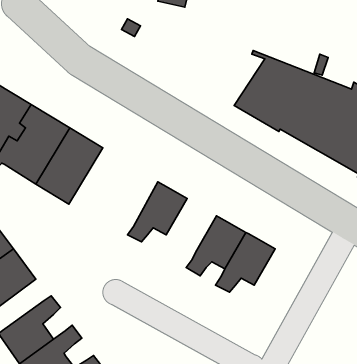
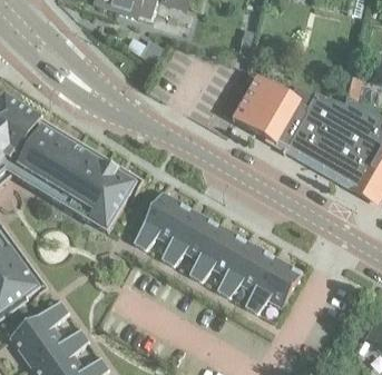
building: none -> [77,160,139,231]
building: none -> [160,208,217,266]
building: none -> [245,256,303,313]

